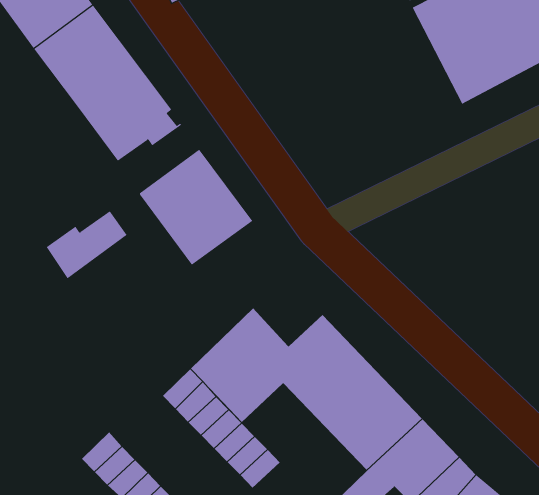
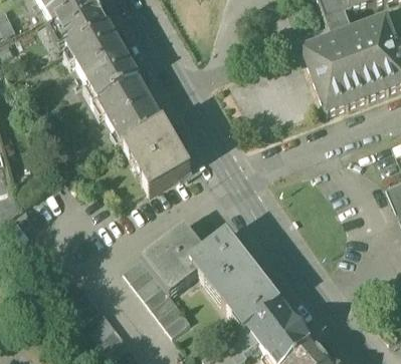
building: [46,211,128,279] -> [113,103,164,142]

